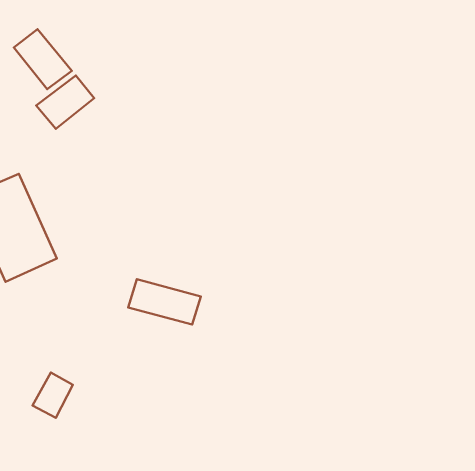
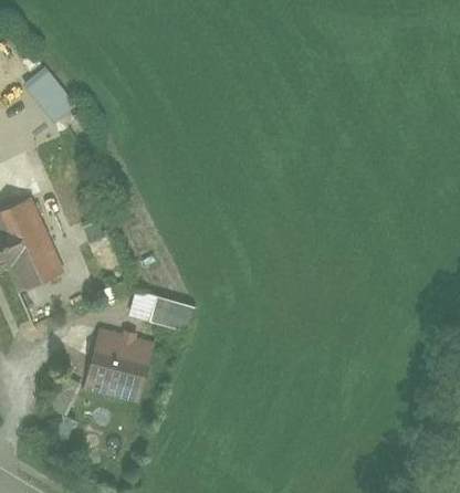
building: [36,75,94,129] -> none
building: none -> [83,331,150,401]

